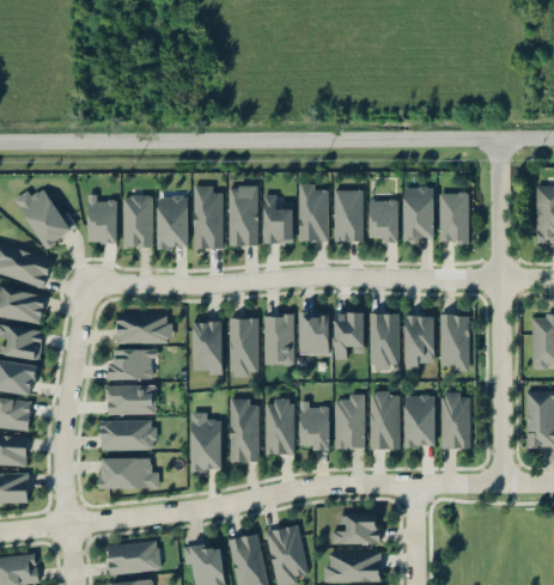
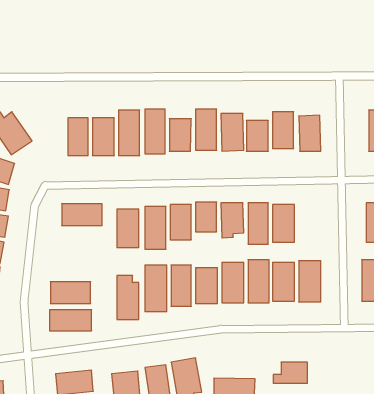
building: [89,196,116,243] -> none
building: [440,315,469,370] -> none
building: [109,351,152,379] -> none
building: [106,386,156,415] -> none
building: [333,514,379,543] -> [273,362,307,383]

